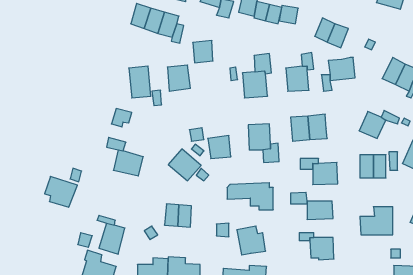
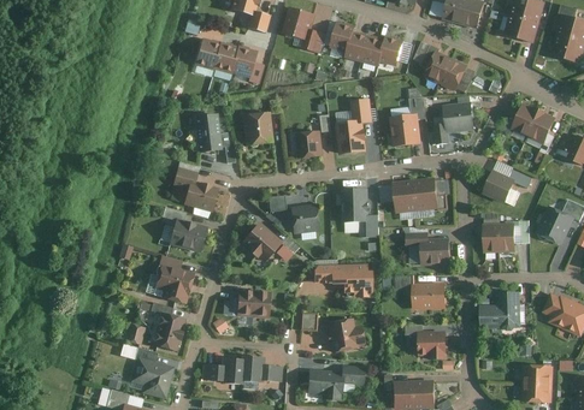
building: [193,41,213,63] -> [291,132,317,160]
building: none -> [179,185,214,213]
building: [45,176,77,207] -> [157,265,197,303]

